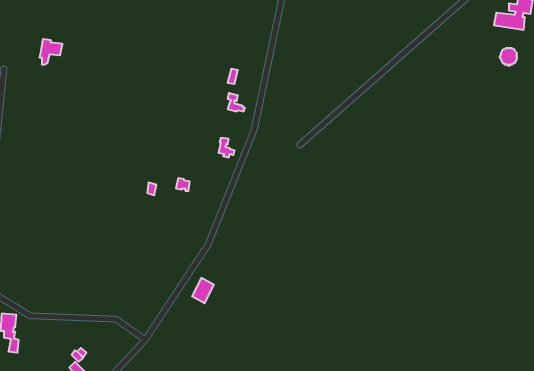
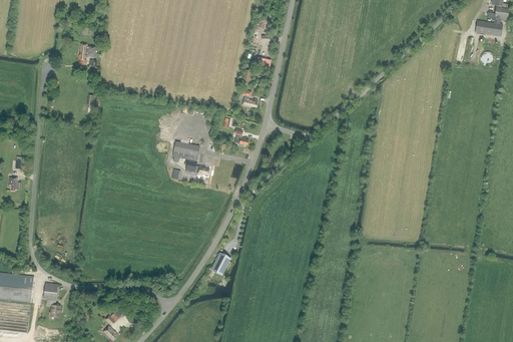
building: none -> [173,140,199,172]

